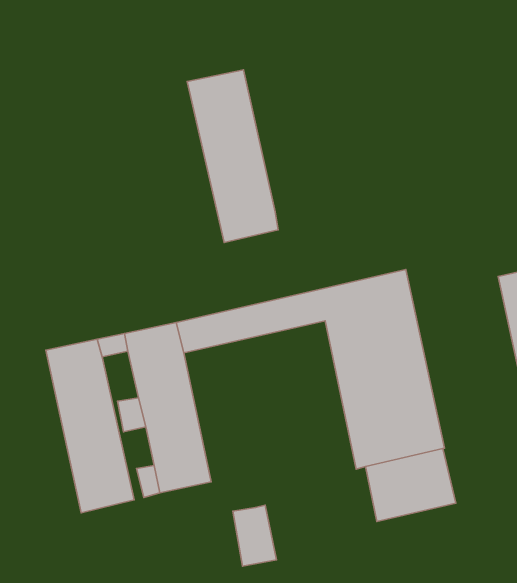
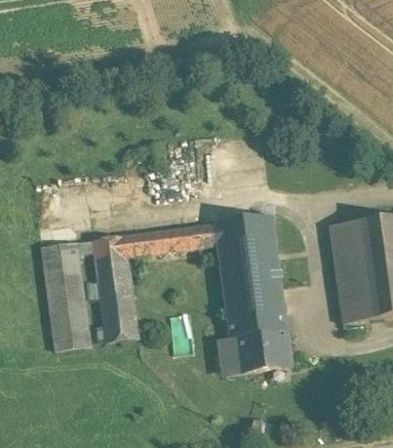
building: [187,70,278,242] -> none
building: [233,505,276,566] -> [215,336,240,373]

